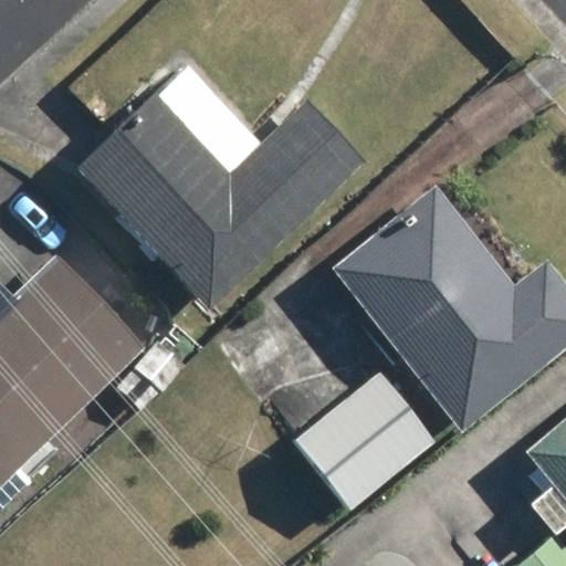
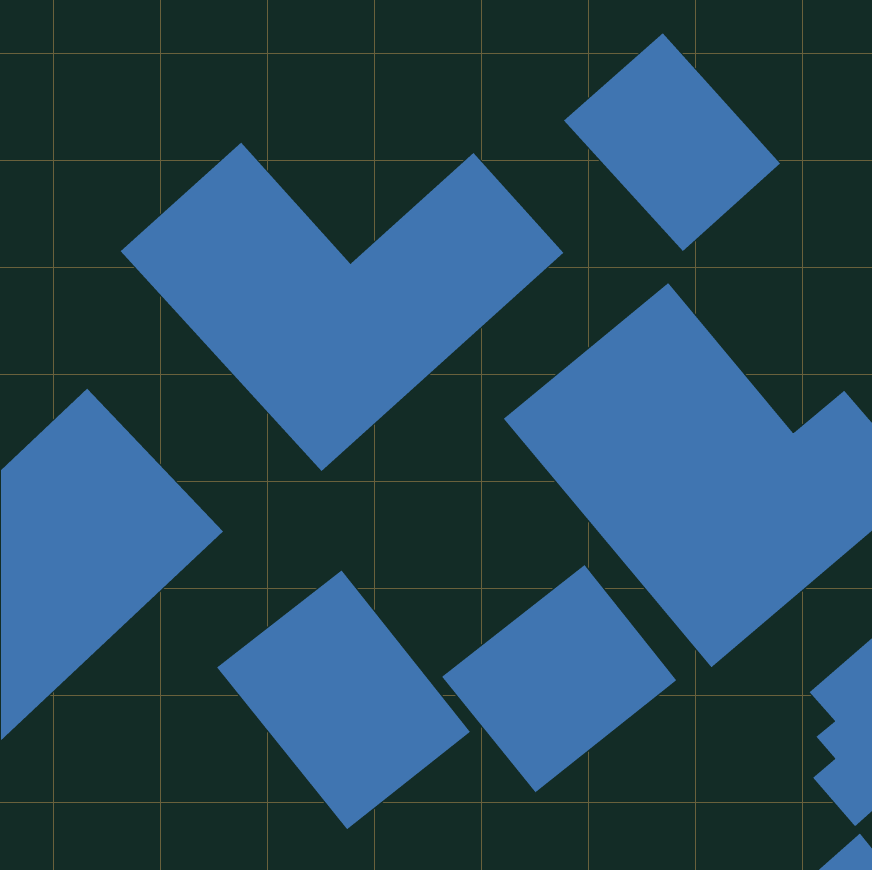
building: none -> [563,33,781,252]
building: none -> [216,569,471,830]

